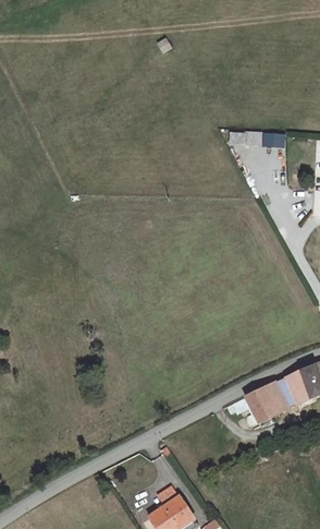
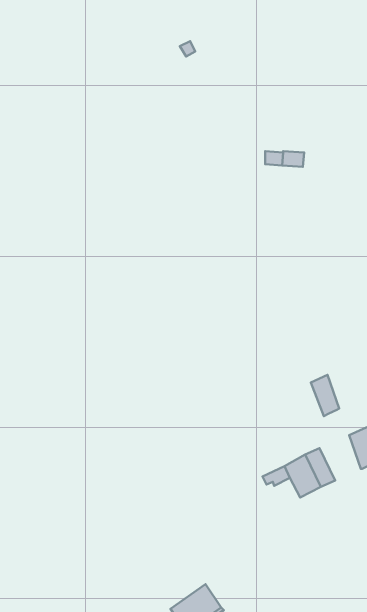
building: [285,370,309,405] -> [311,375,339,416]

